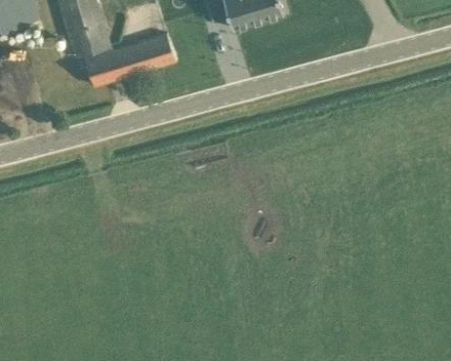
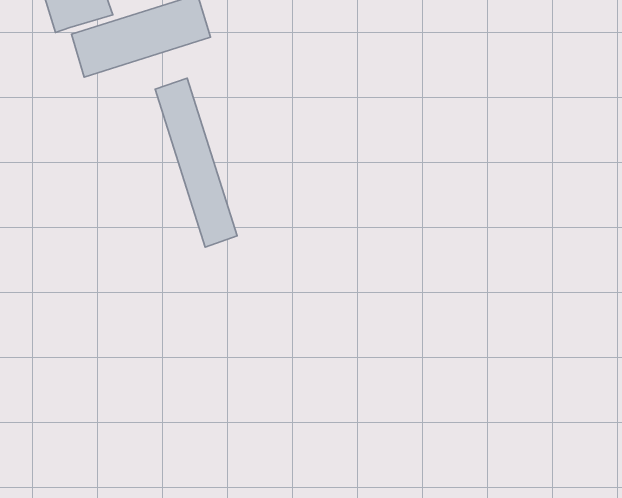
building: none -> [155,78,237,247]

